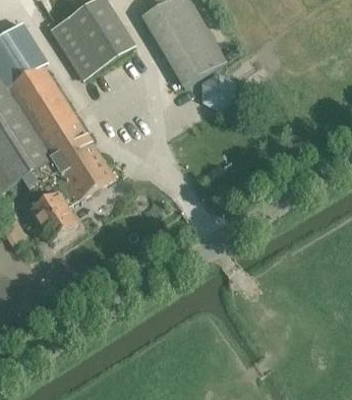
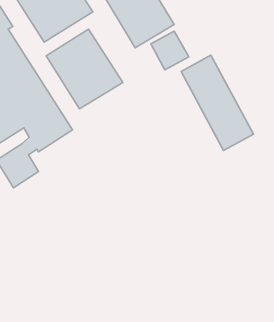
building: none -> [46,29,123,109]
building: none -> [181,55,253,151]

